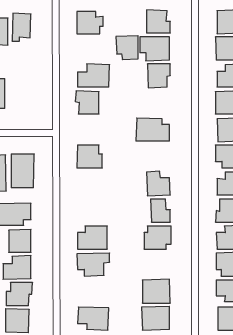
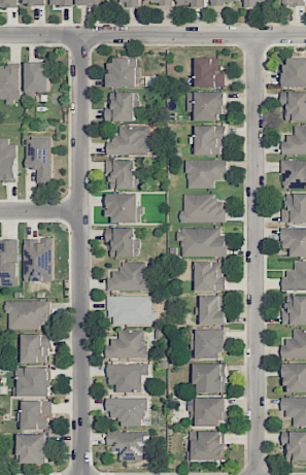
building: [116,36,138,60] -> [106,91,134,121]
building: none -> [25,136,50,182]
building: none -> [185,159,224,188]
building: none -> [106,193,137,222]
building: none -> [176,228,224,256]
building: none -> [108,261,146,290]
building: none -> [108,296,156,324]
building: none -> [193,363,224,392]
building: none -> [106,397,144,426]

